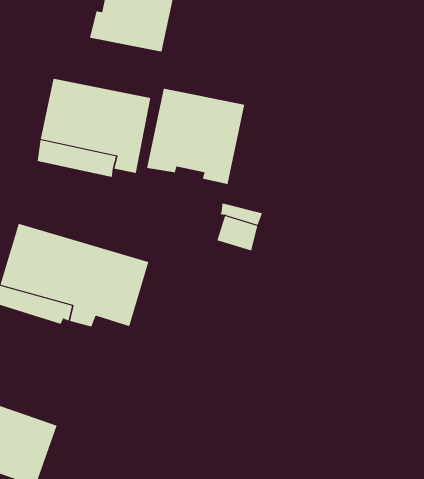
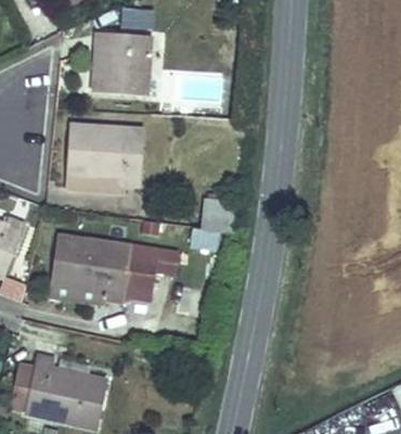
building: [146,88,245,185] -> none

